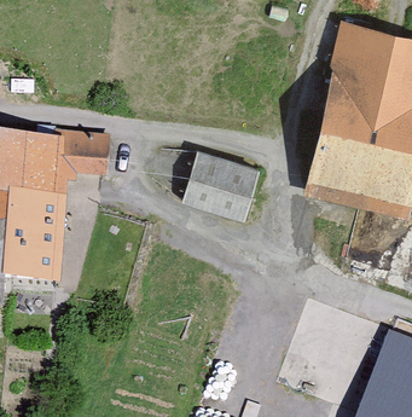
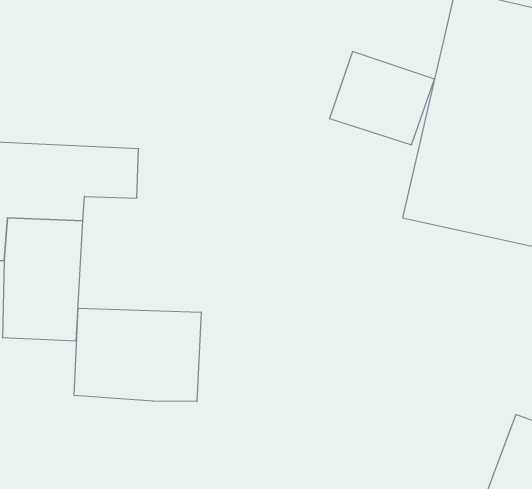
building: [182,149,260,218] -> [330,51,435,145]
building: none -> [74,308,201,402]

